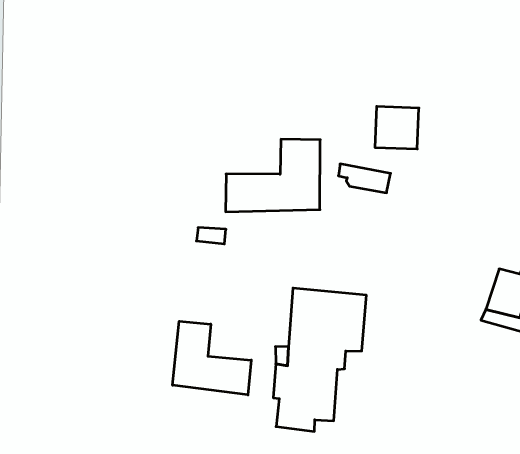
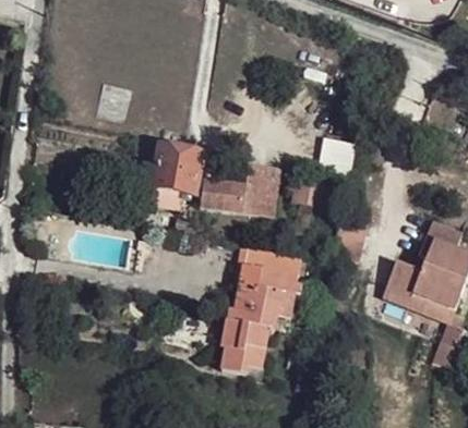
building: none -> [146,139,200,189]
building: [173,321,251,395] -> none

